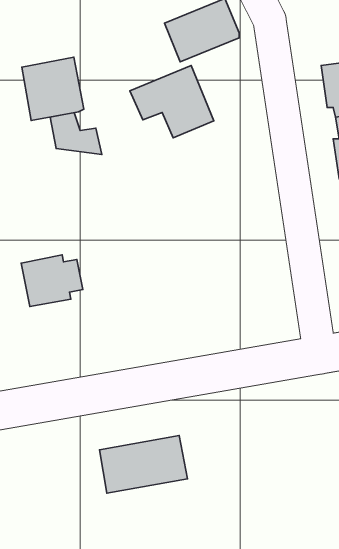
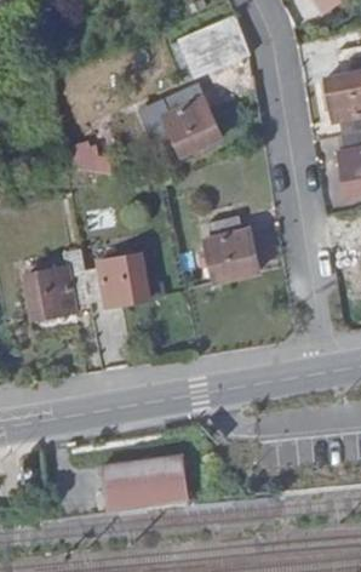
building: [22,57,84,121] -> none
building: none -> [205,218,258,282]
building: none -> [82,259,149,311]

